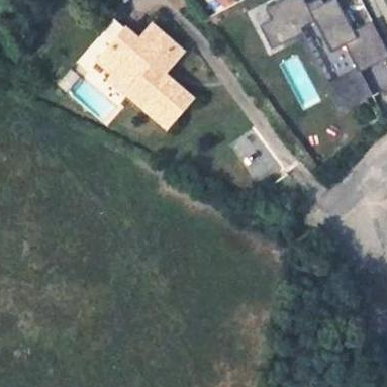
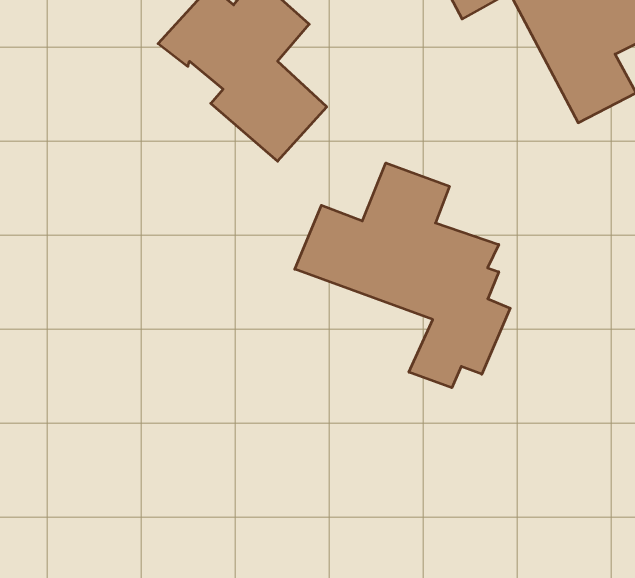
building: none -> [295,163,510,388]

